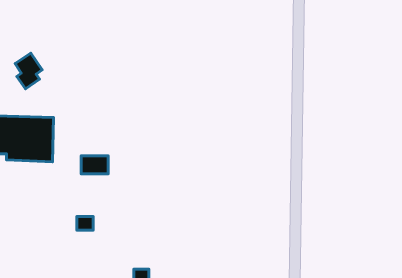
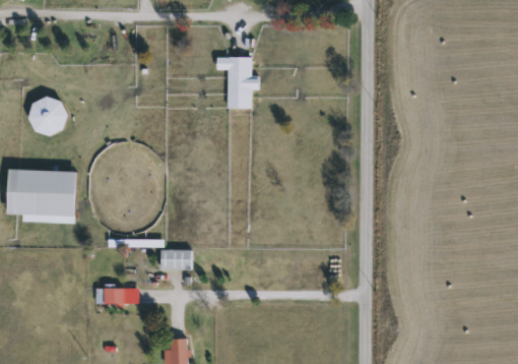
building: none -> [214,56,258,108]
building: [81,156,108,174] -> [159,248,191,269]

